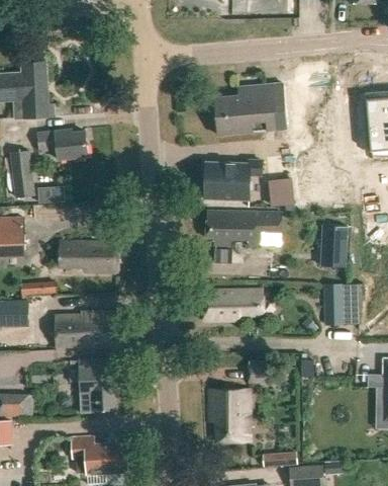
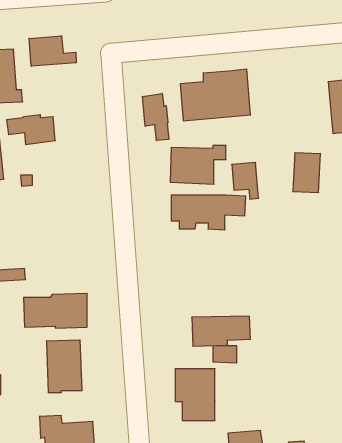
building: none -> [29,36,76,66]
building: none -> [143,93,169,141]
building: [317,224,346,264] -> [293,153,321,192]
building: [58,239,116,270] -> none
building: [325,284,347,324] -> none
building: [202,290,262,320] -> [192,316,250,346]

